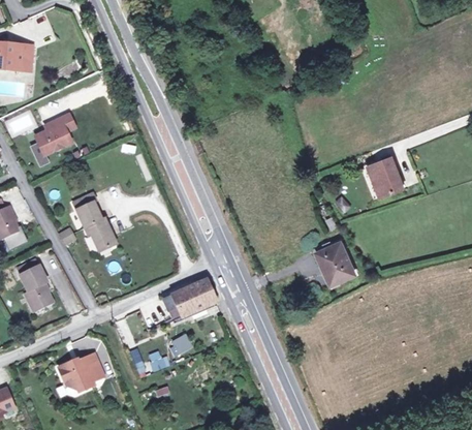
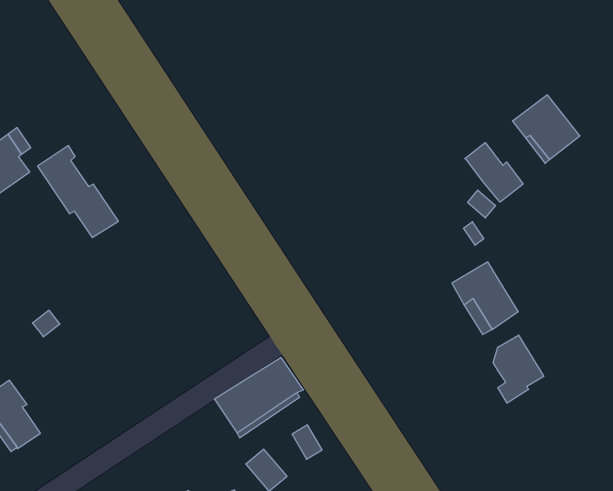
building: none -> [465,143,523,202]
building: [73,192,117,250] -> [38,146,118,237]
building: none -> [493,335,544,403]

